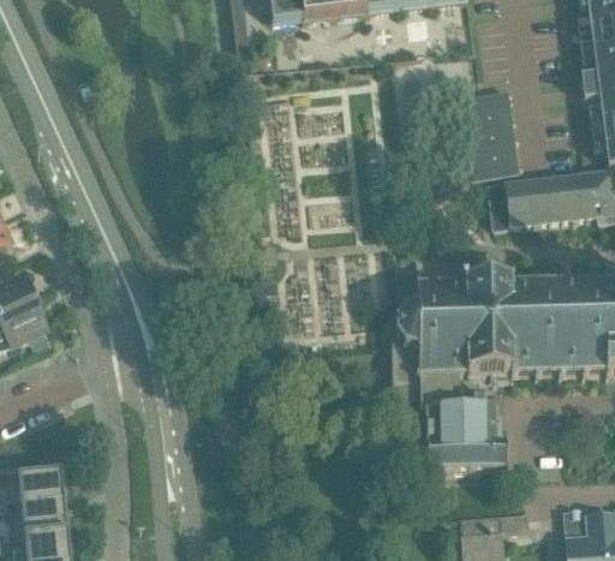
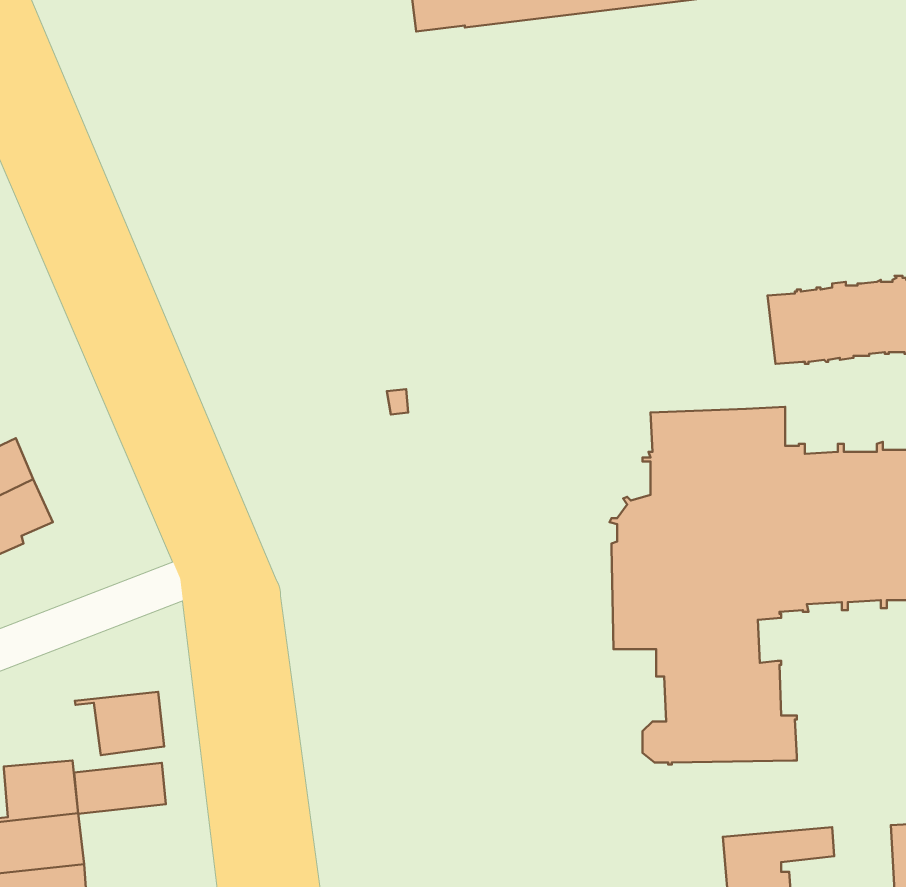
building: [464,90,519,179] -> none
building: none -> [75,692,164,755]
building: none -> [74,763,166,814]

